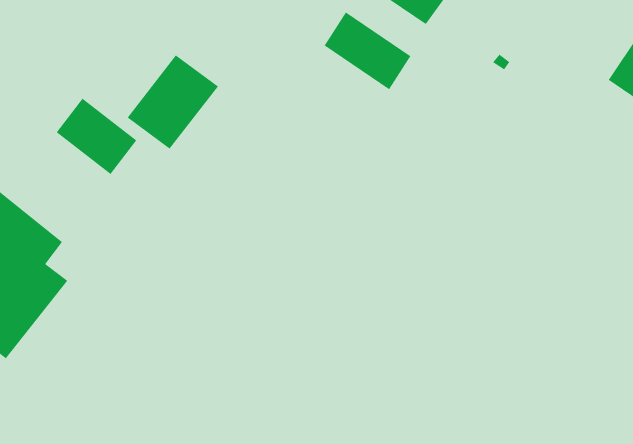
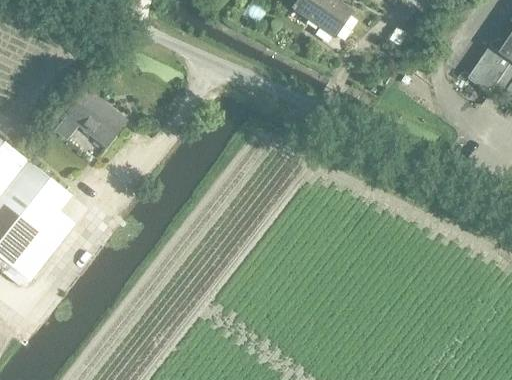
building: [324,12,411,90] -> none
building: [127,55,219,150] -> none

